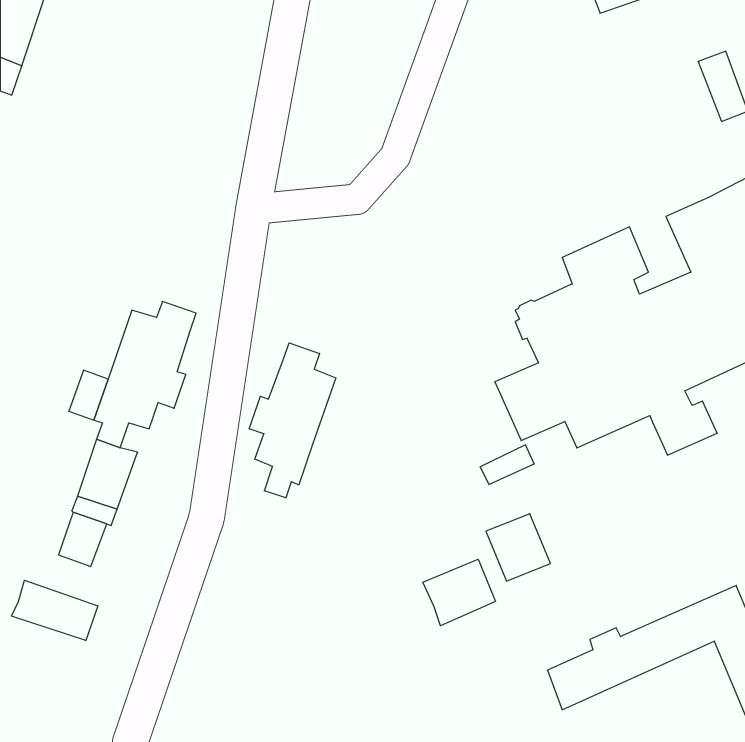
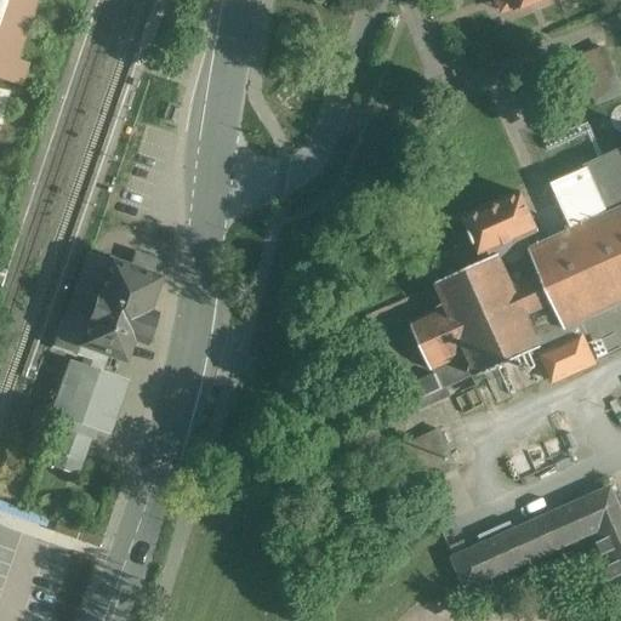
building: [249,343,336,498] -> none
building: [423,559,495,626] -> none
building: [11,580,98,641] -> none

